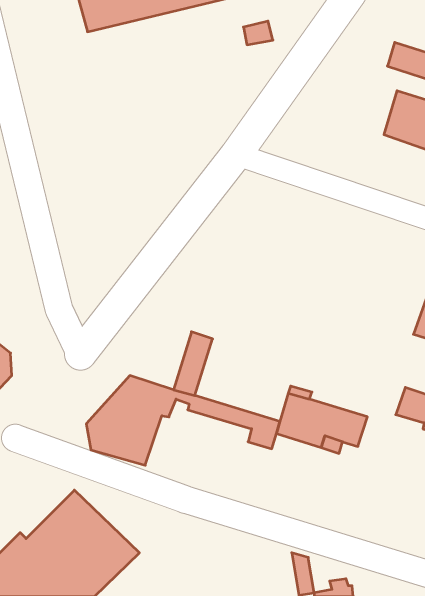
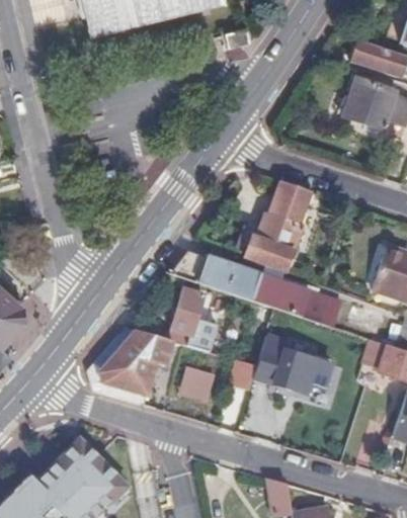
building: none -> [245,181,310,269]
building: none -> [181,250,337,326]
building: none -> [179,365,219,403]

